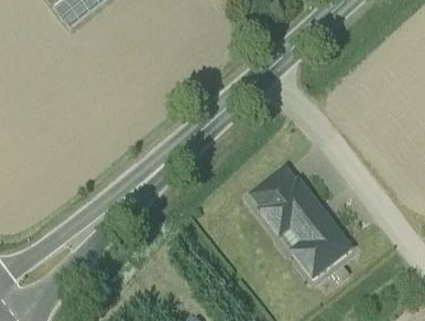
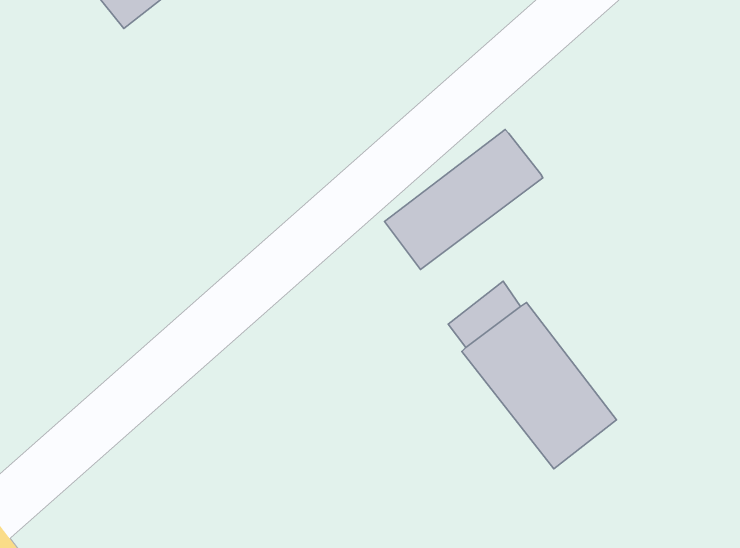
building: none -> [385,130,543,269]

